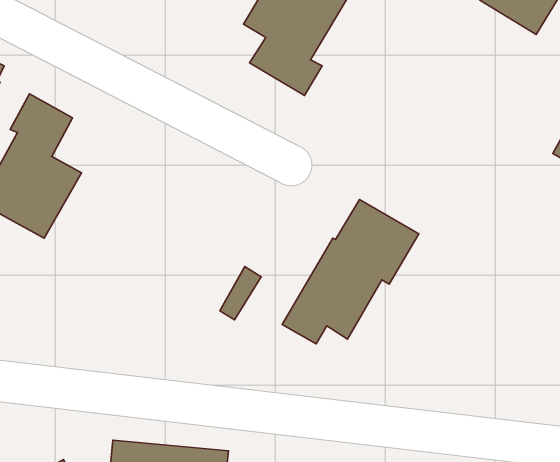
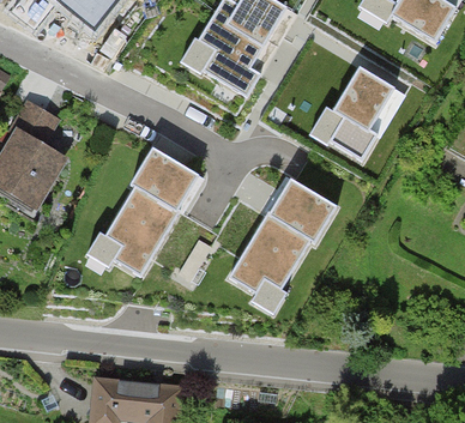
building: none -> [328,66,394,163]
building: none -> [107,151,199,277]

